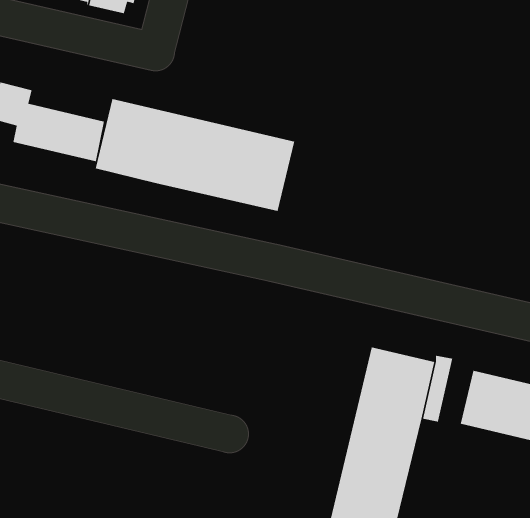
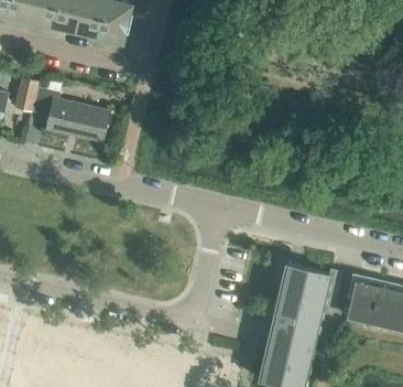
building: [95,98,295,212] -> none

